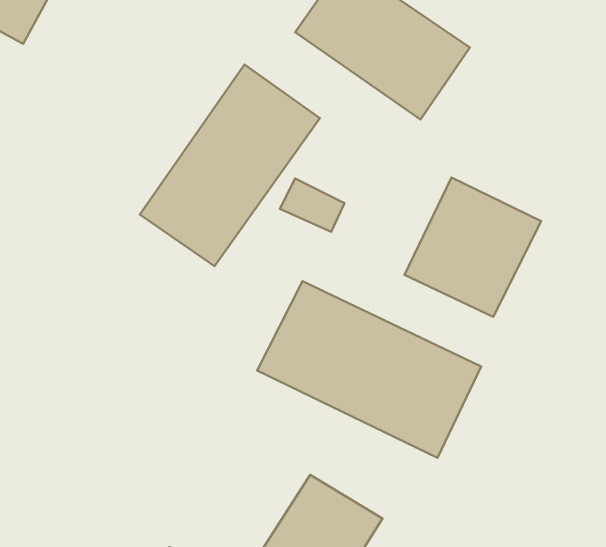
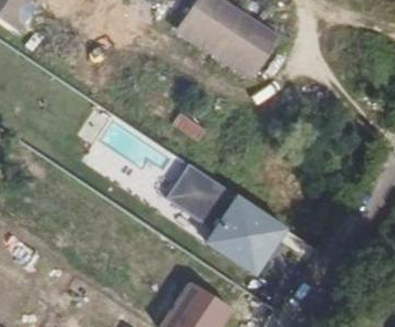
building: [140,65,320,266] -> none
building: [404,177,541,317] -> none

